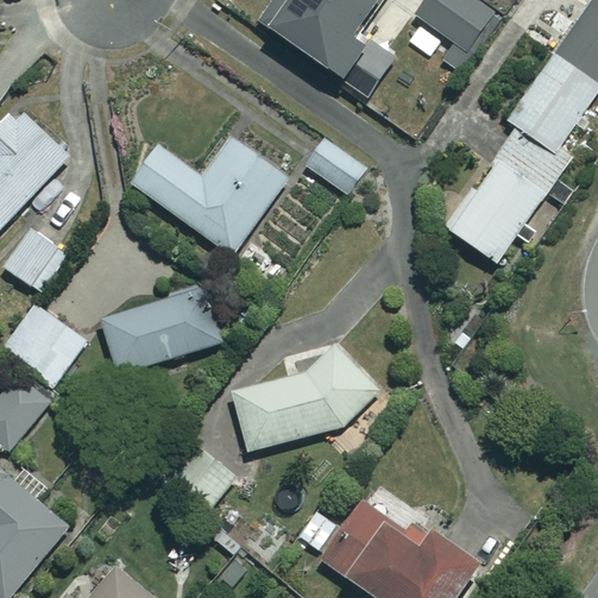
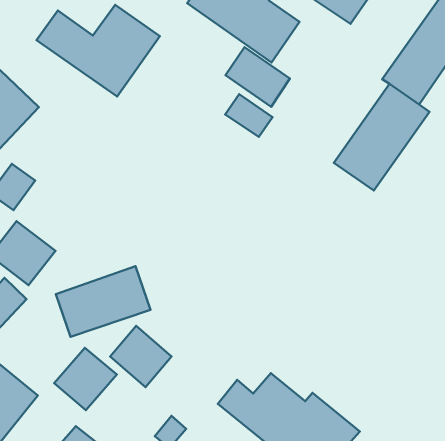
building: none -> [226,47,290,107]
building: [128,138,287,256] -> [36,5,160,97]
building: [100,285,221,376] -> [56,266,150,337]
building: [231,345,379,448] -> none
building: none -> [54,348,117,410]

